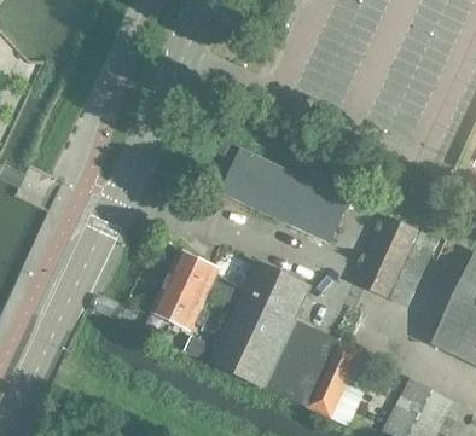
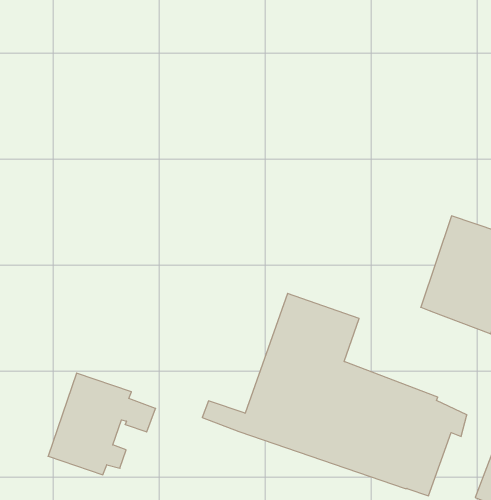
building: [219,147,349,242] -> none
building: [150,250,234,329] -> [48,373,156,475]

